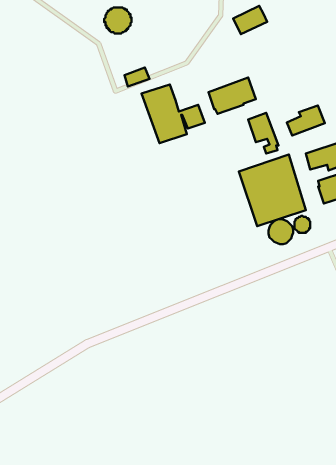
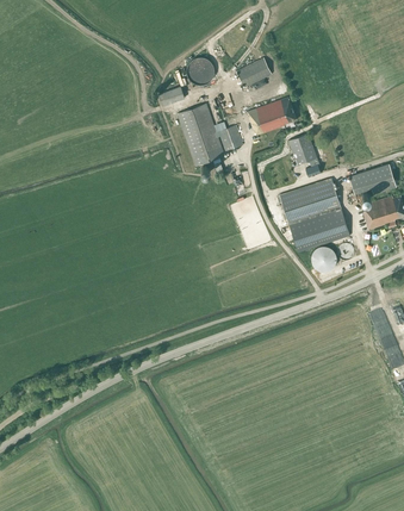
building: [233,6,267,34] -> [236,57,272,87]
building: [104,7,131,33] -> [186,57,215,85]
building: [287,105,325,135] -> none

